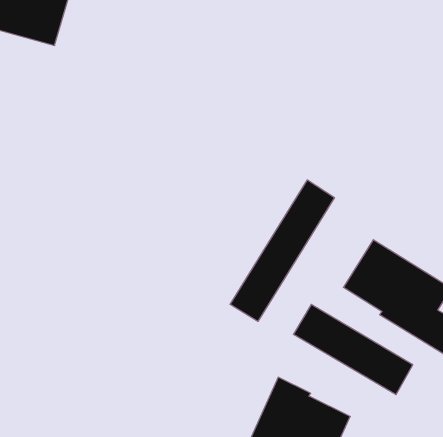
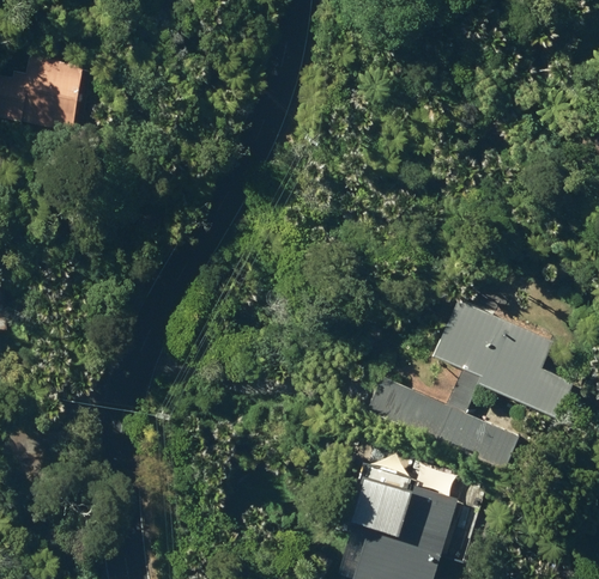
building: [230,180,334,321] -> none

